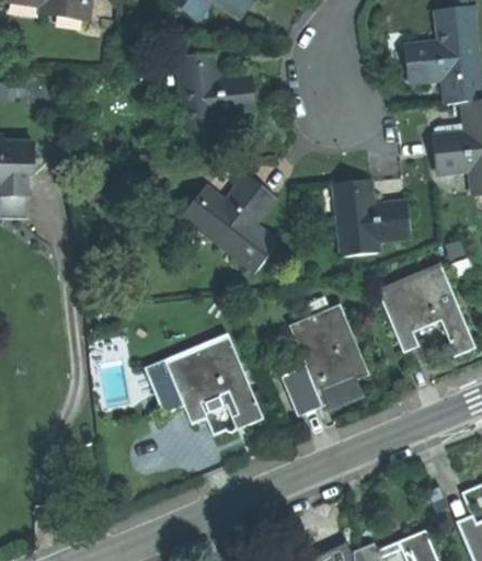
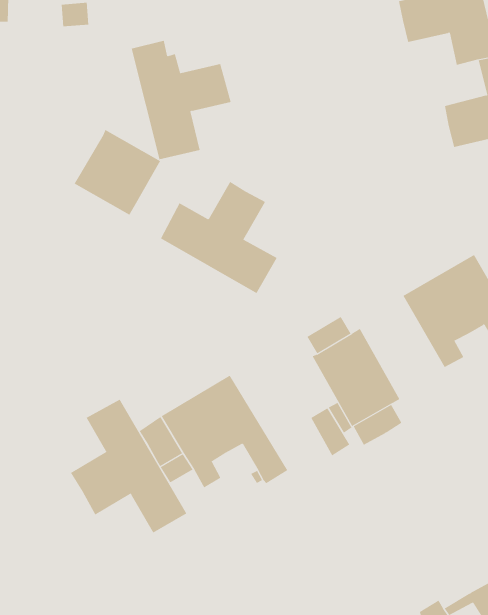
building: none -> [74,129,161,216]
building: [335,180,411,255] -> none
building: none -> [70,399,187,534]

